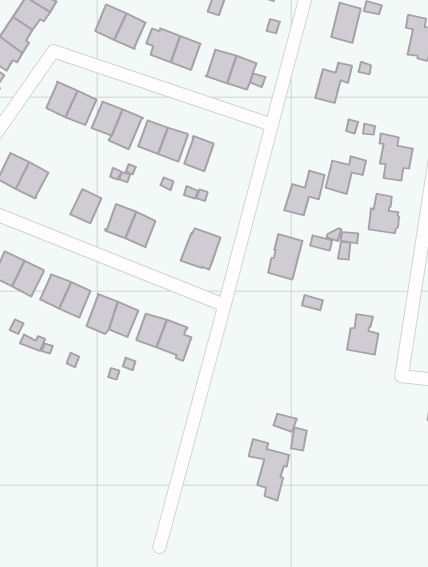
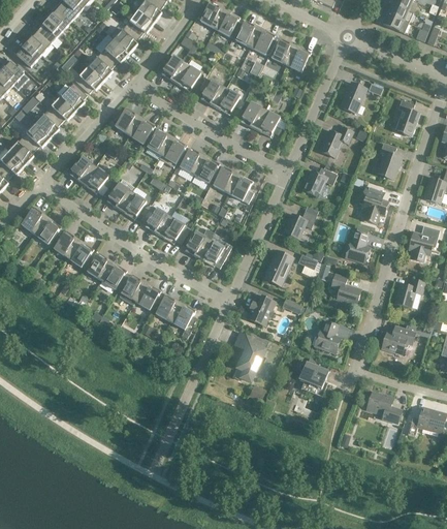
building: none -> [378,143,401,180]
building: none -> [227,174,253,204]
building: [326,156,366,194] -> [302,169,337,197]
building: none -> [106,179,134,210]
building: none -> [184,229,213,258]
building: none -> [330,274,360,311]
building: none -> [246,295,275,325]
building: none -> [298,363,328,398]
building: [249,439,289,501] -> [233,333,264,382]

